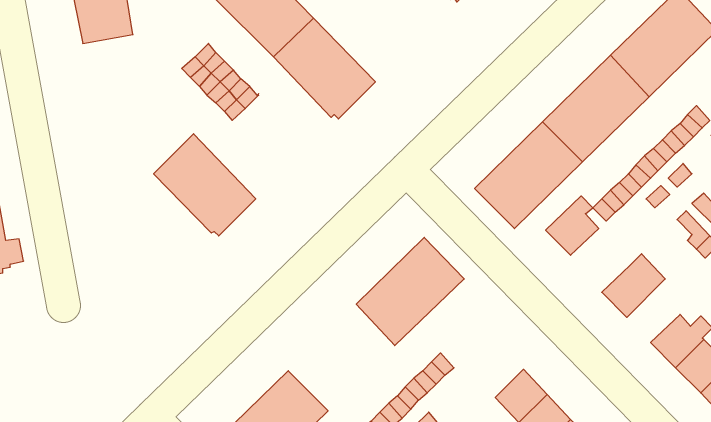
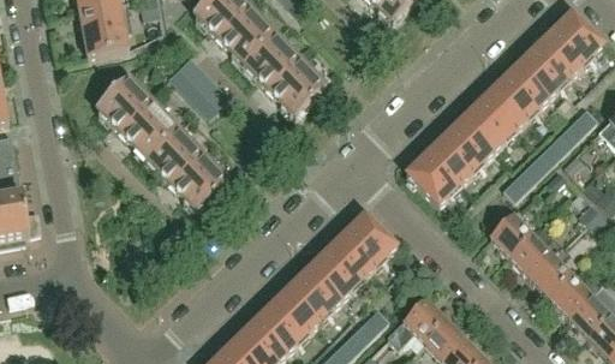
building: none -> [96,76,178,160]
building: [546,196,599,255] -> [489,208,532,256]
building: none -> [530,245,573,297]
building: none -> [255,265,341,352]
building: none -> [388,298,446,346]

